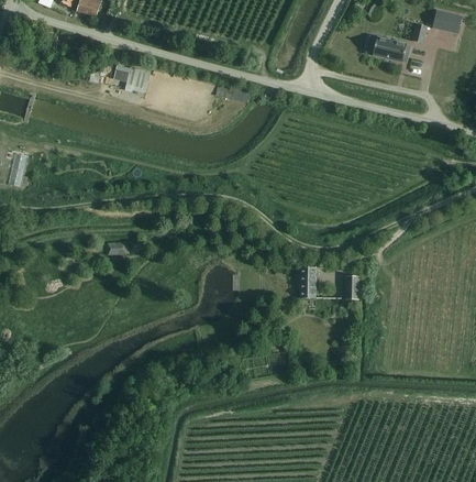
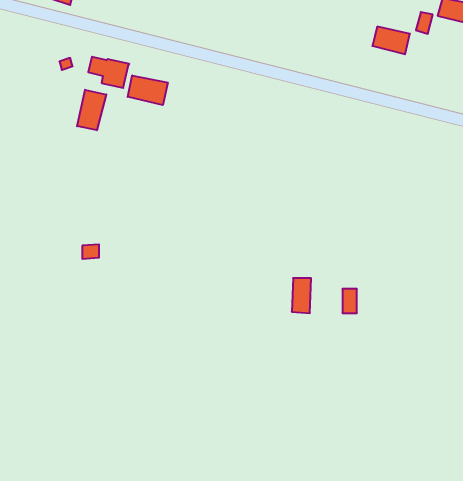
building: none -> [128,75,168,105]
building: none -> [77,90,106,130]

